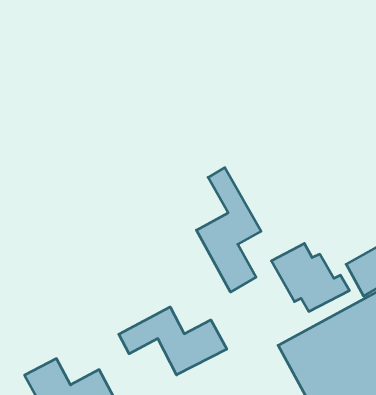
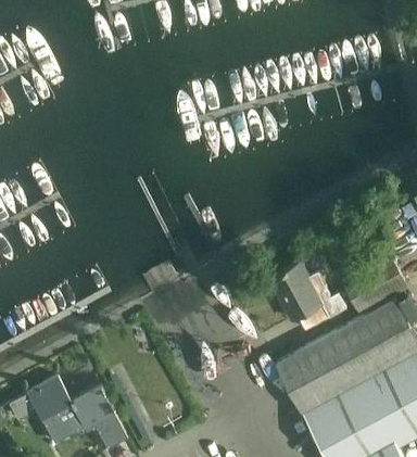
building: [196,168,261,292] -> none
building: [119,307,227,375] -> none

